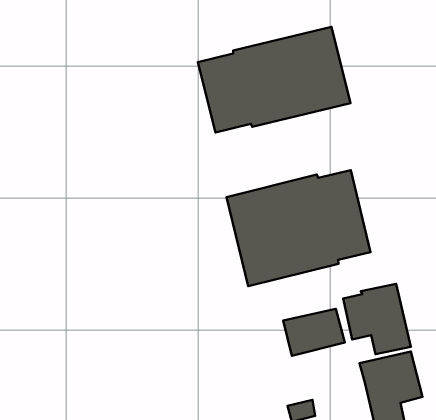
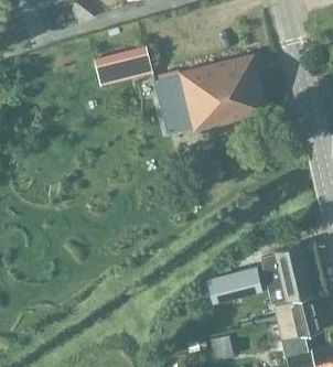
building: none -> [94,47,151,85]
building: [227,170,371,286] -> none

